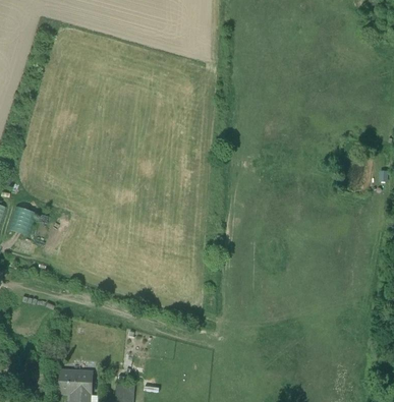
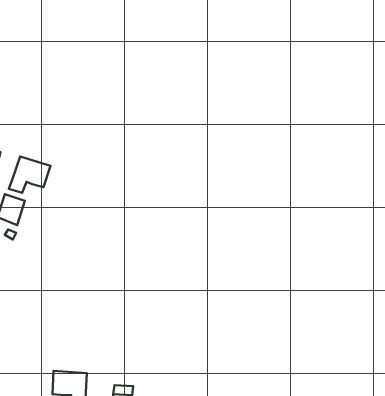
building: none -> [9,156,51,193]

